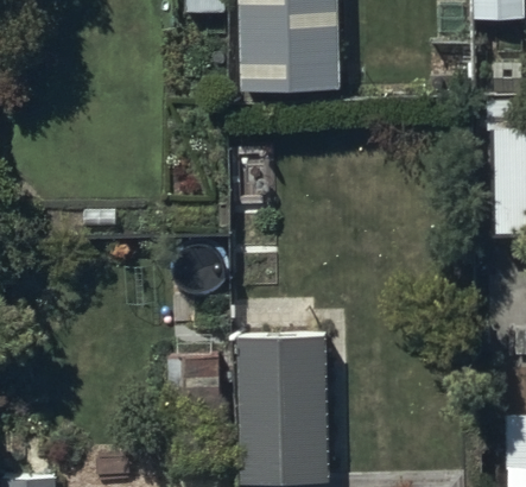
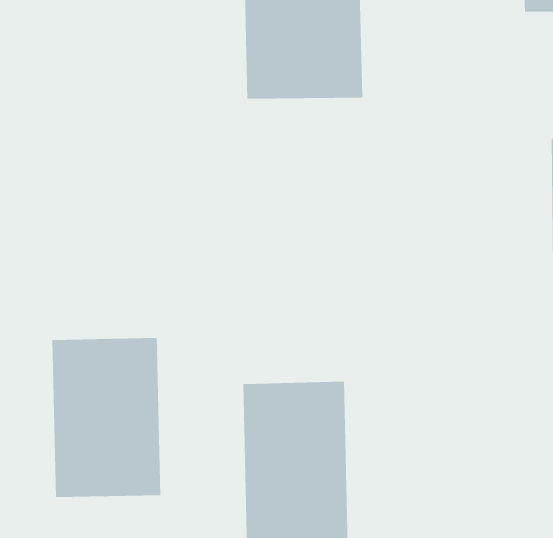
building: none -> [52,337,161,498]

